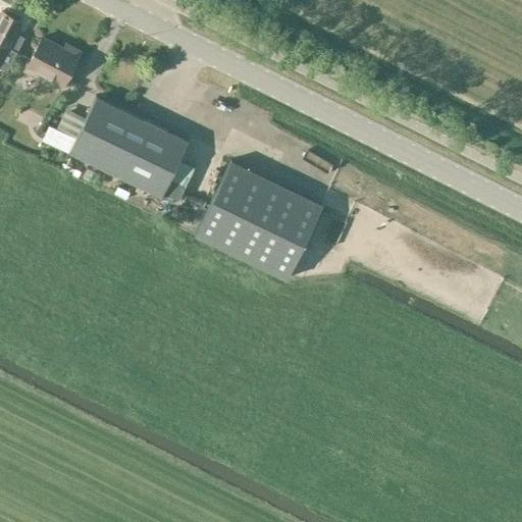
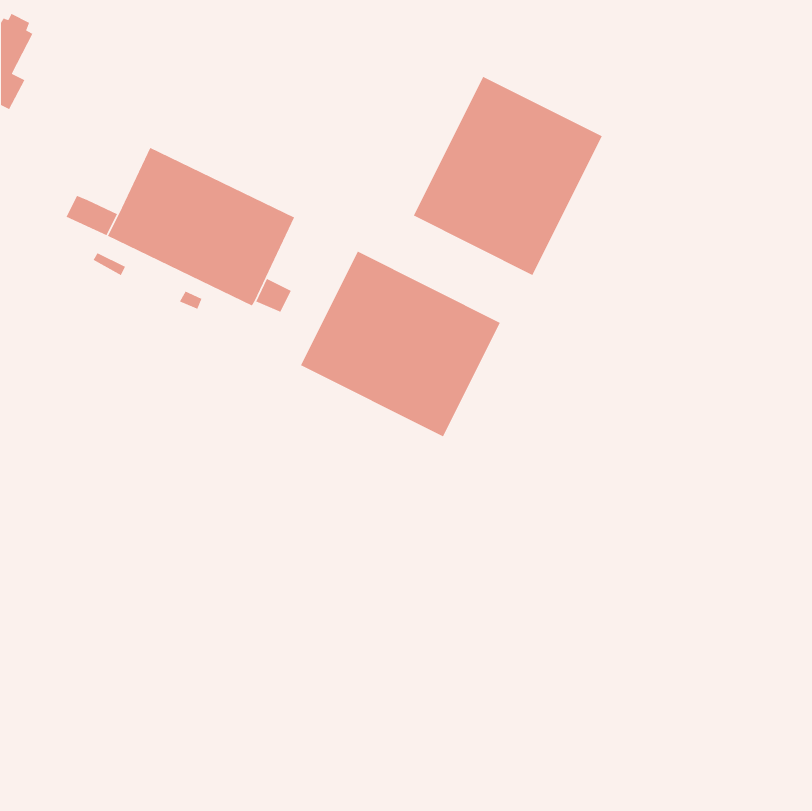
building: [27,40,83,89] -> none
building: none -> [413,76,603,276]

